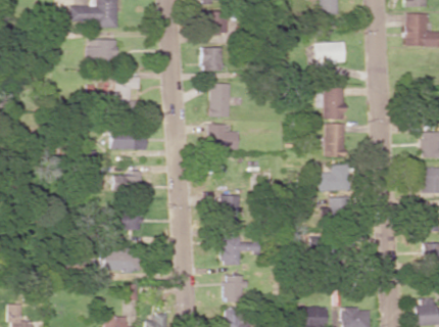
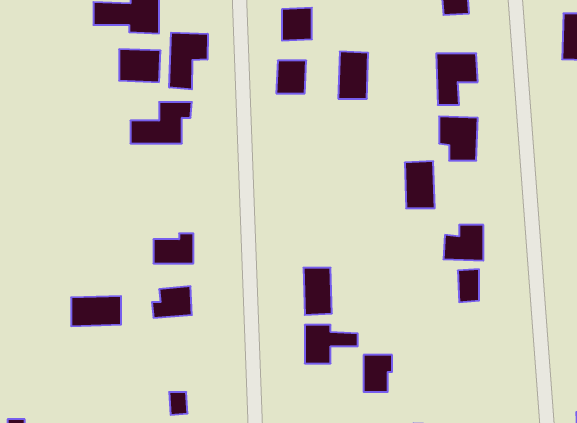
building: none -> [169,33,208,89]
building: [210,83,232,116] -> [338,52,368,99]
building: [326,123,347,156] -> [405,161,435,208]
building: [210,124,239,149] -> none
building: [112,130,147,149] -> none
building: [104,249,140,271] -> [71,296,121,326]
building: [226,275,246,301] -> [364,355,392,392]

